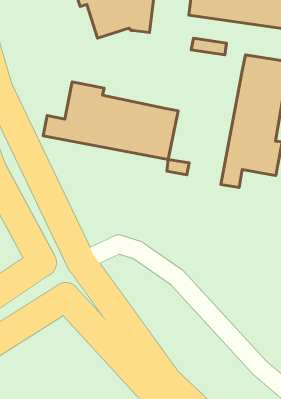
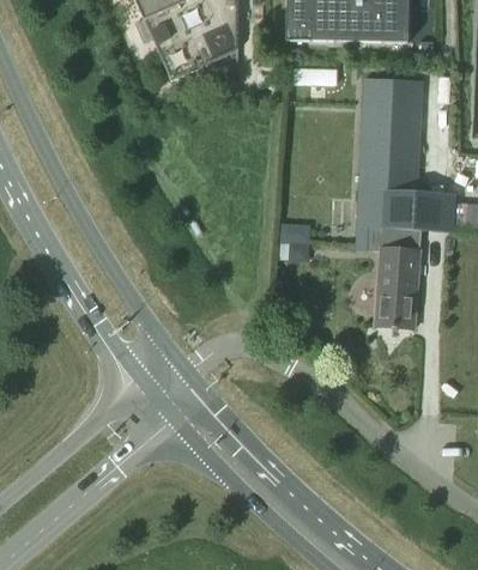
building: [43,82,178,159] -> none
building: none -> [375,250,419,328]

